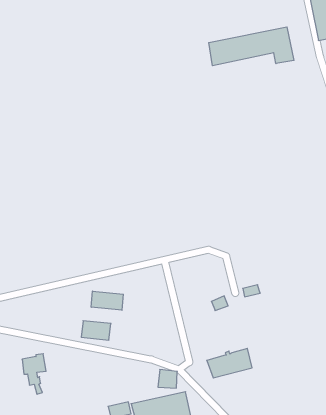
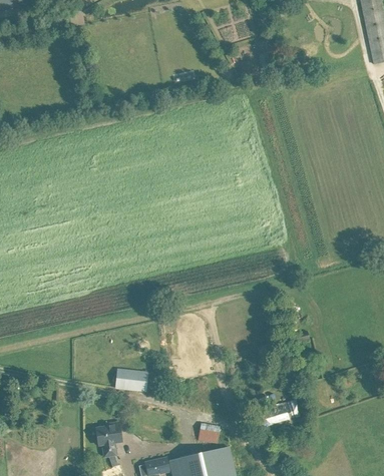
building: [209,27,294,66] -> none
building: [91,291,123,310] -> none
building: [22,354,46,394] -> [95,422,121,466]

